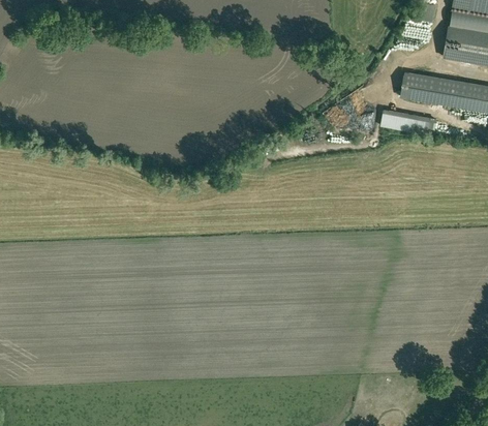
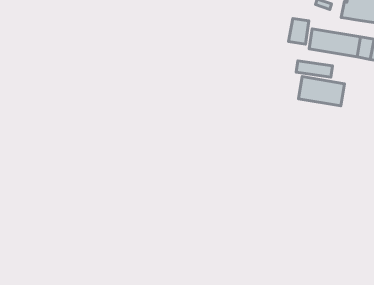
building: none -> [289,18,309,44]
building: none -> [298,77,345,106]

